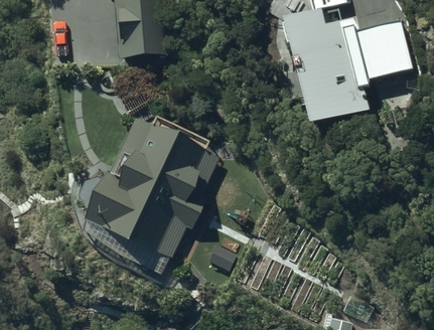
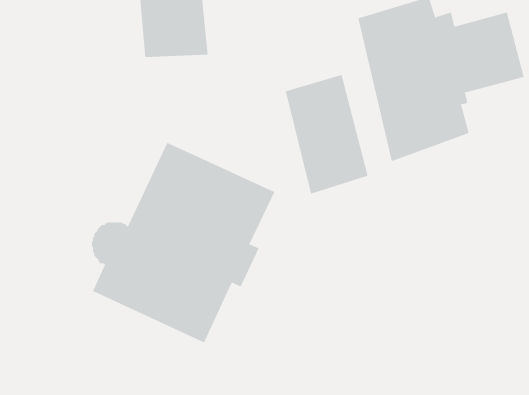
building: none -> [285,74,368,195]

